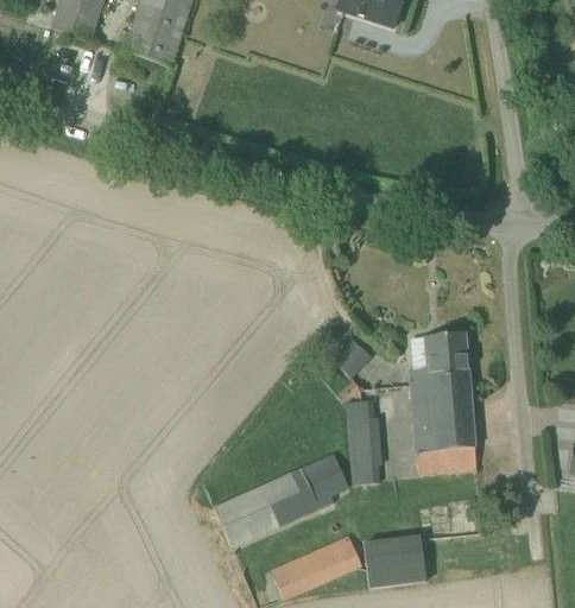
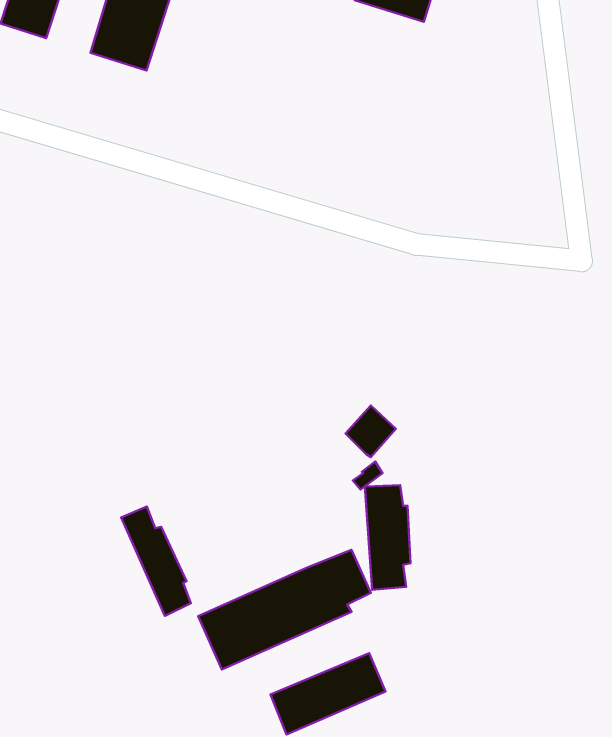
building: [410,332,476,474] -> none
building: none -> [121,507,191,616]
building: [364,533,424,589] -> none

